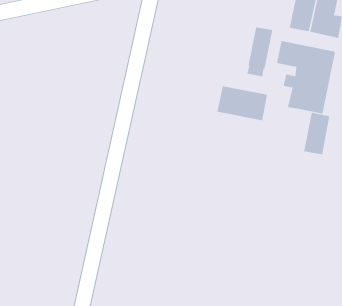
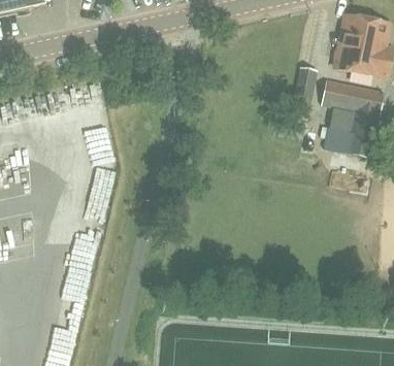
building: [217,86,268,121] -> none
building: [303,112,330,155] -> none

